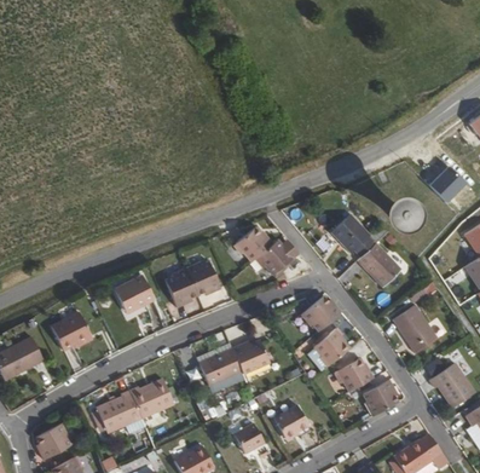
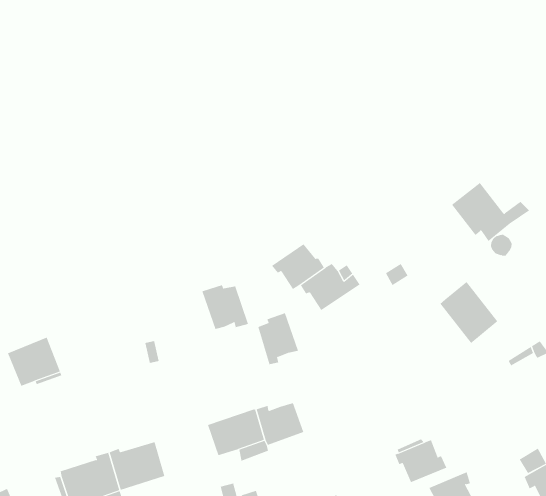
building: [332,214,389,256] -> [451,182,530,242]
building: [167,267,198,306] -> [257,313,299,365]
building: [115,273,155,308] -> none
building: [302,295,342,329] -> none
building: [394,305,438,352] -> none
building: [314,328,349,367] -> none

